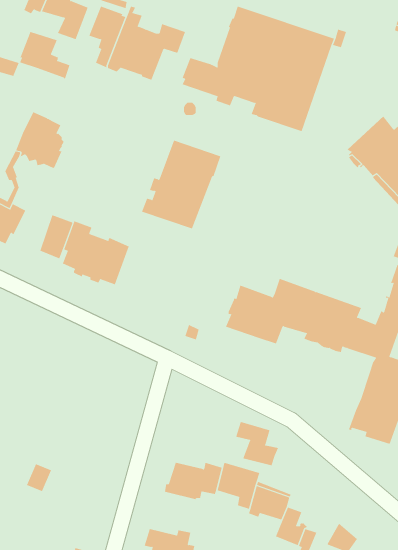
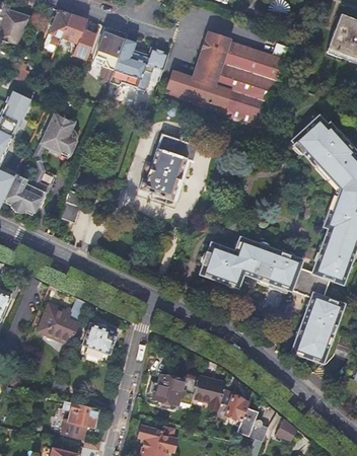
building: [19,31,70,80] -> none
building: [62,220,129,285] -> none
building: none -> [38,298,87,345]
building: none -> [83,323,117,353]
building: [235,421,279,466] -> none
building: none -> [62,400,98,433]

